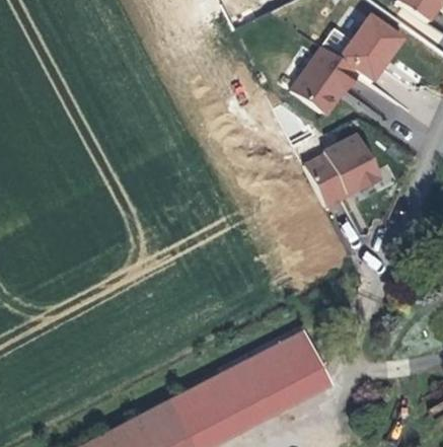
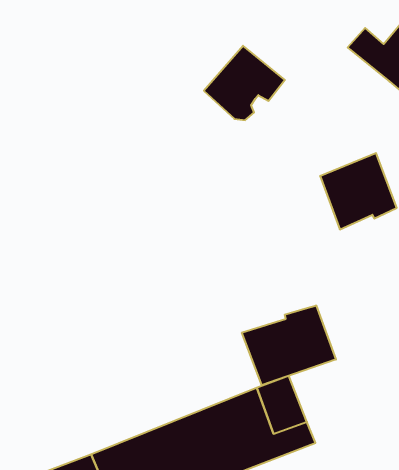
building: [294,47,362,109] -> [204,46,285,120]
building: none -> [242,305,336,385]

